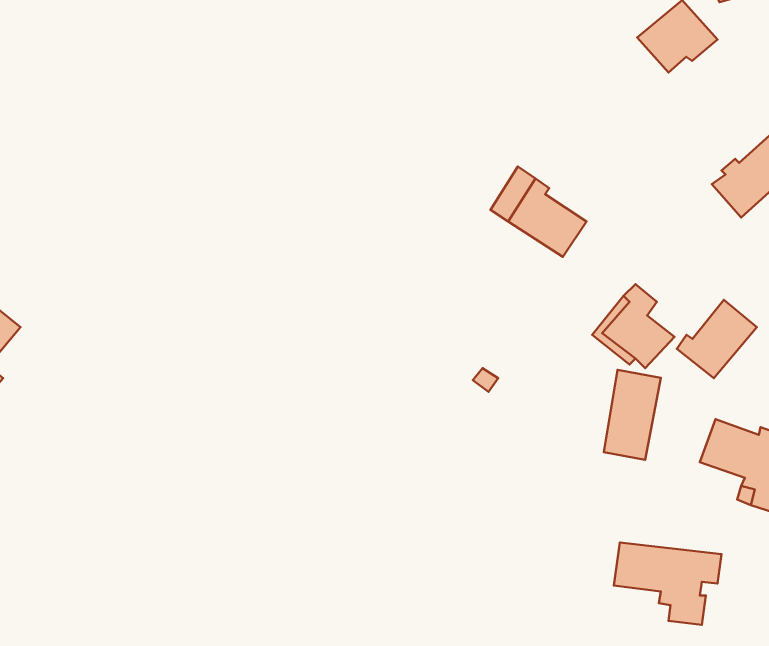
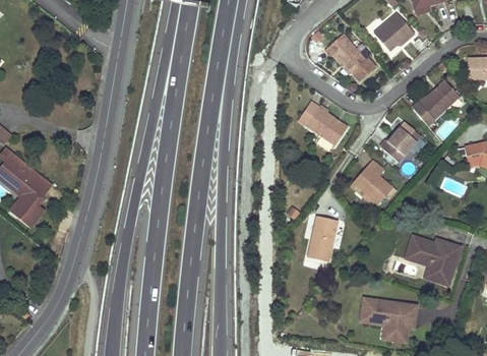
building: none -> [324,34,376,83]
building: [677,300,757,378] -> [379,122,421,163]
building: [604,370,661,460] -> [308,215,338,261]

